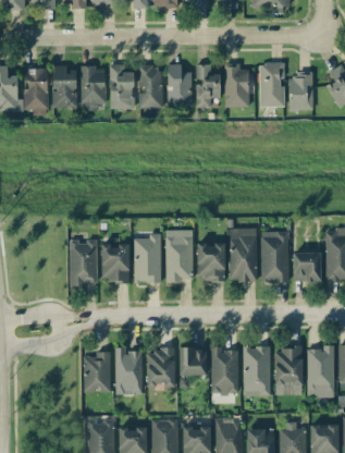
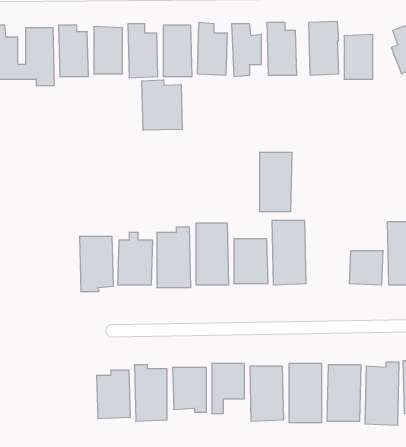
building: none -> [142,80,182,130]
building: [261,232,288,281] -> [259,152,292,211]

